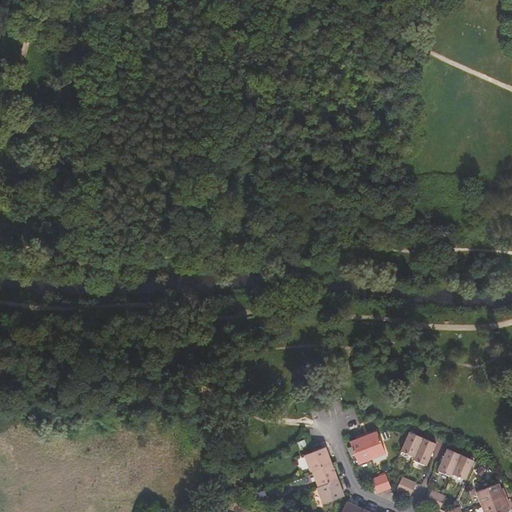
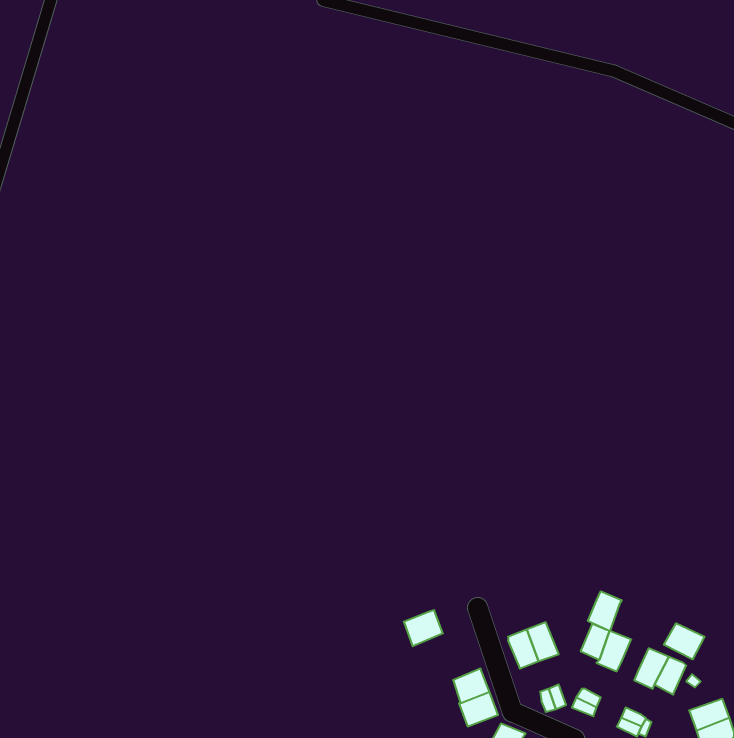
building: none -> [588,591,622,631]
building: none -> [664,623,705,659]
building: [305,447,332,472] -> [404,610,443,646]

